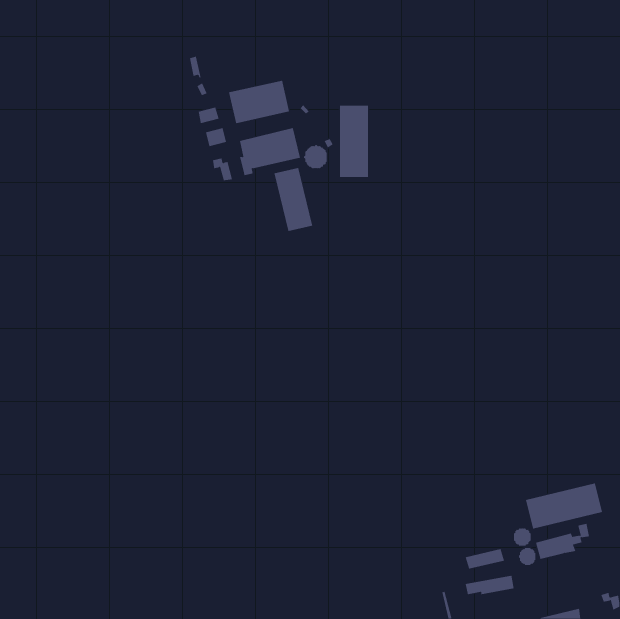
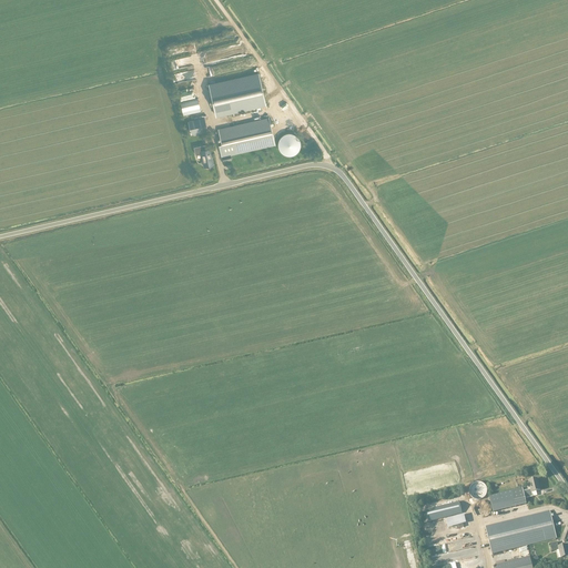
building: [339,105,369,178] -> none
building: [274,167,313,232] -> none
building: [525,483,603,529] -> [485,510,556,552]

